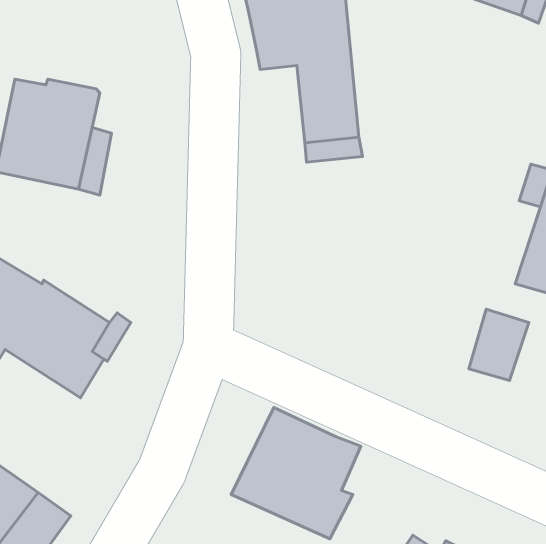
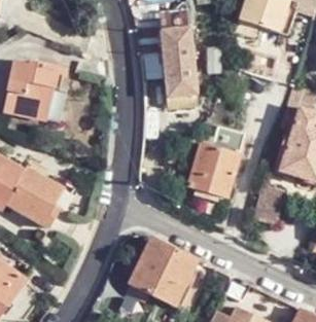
building: none -> [186,123,247,196]

